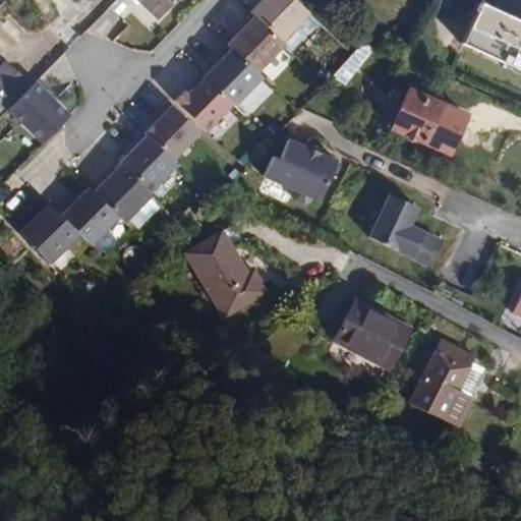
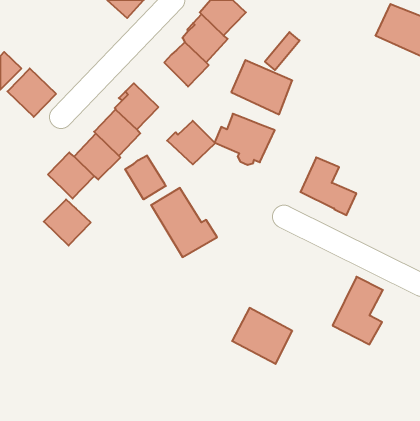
building: [173,77,232,131] -> [167,121,215,164]
building: [393,89,468,156] -> [231,60,292,114]
building: none -> [125,155,166,199]
building: [21,205,79,262] -> [44,199,91,246]
building: [336,299,410,368] -> [232,308,292,364]

